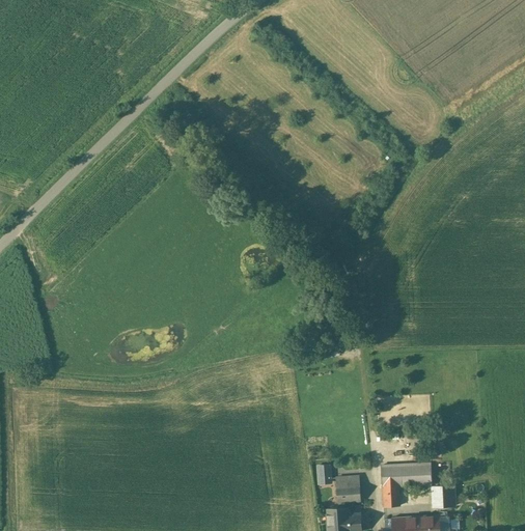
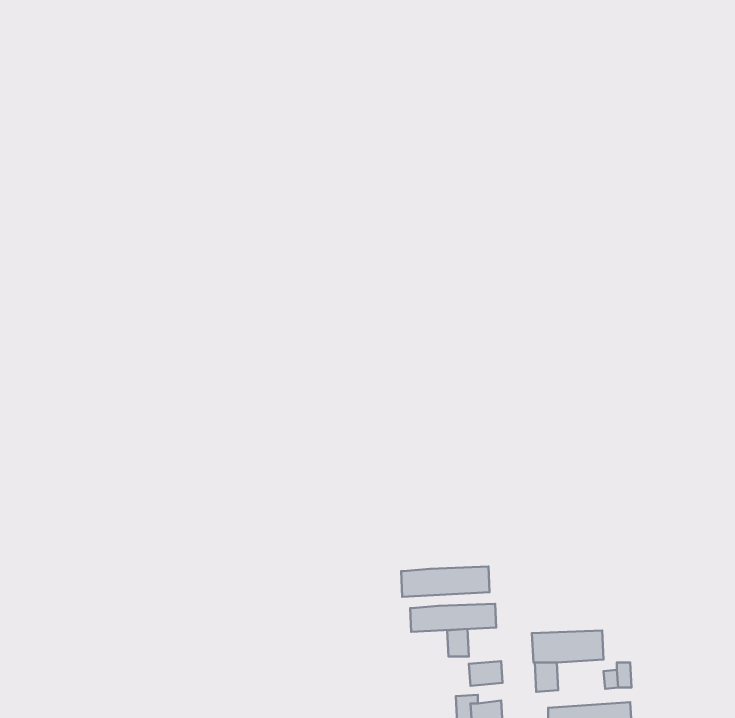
building: none -> [401,567,490,597]
building: none -> [410,604,496,632]

